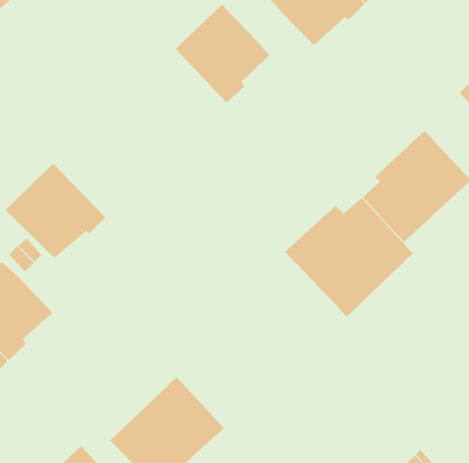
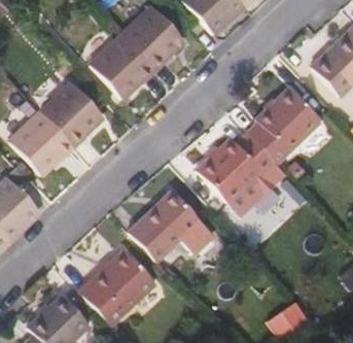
building: none -> [93,35,157,97]
building: none -> [43,80,107,146]
building: none -> [129,193,213,262]

